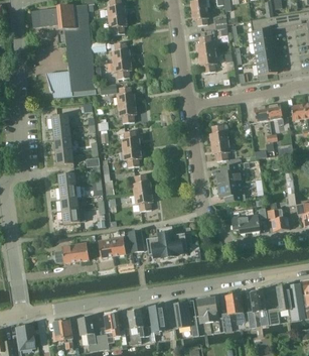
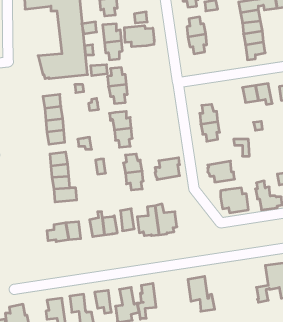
building: none -> [124,26,154,47]
building: [216,163,242,186] -> [155,158,180,180]
building: [248,291,270,328] -> none
building: [222,295,245,332] -> none
building: [174,302,199,336] -> none

